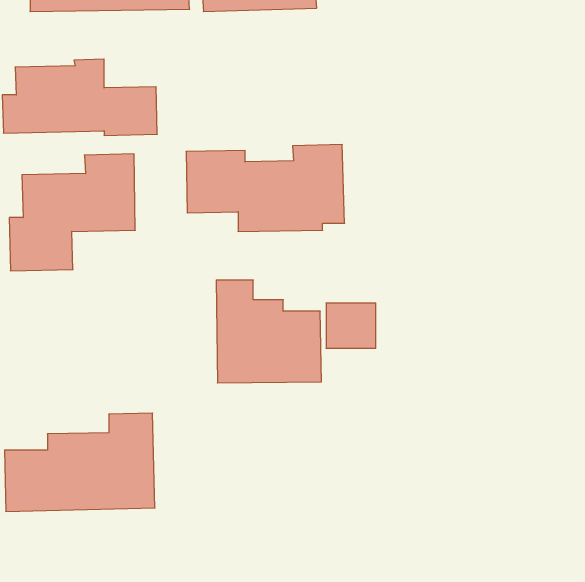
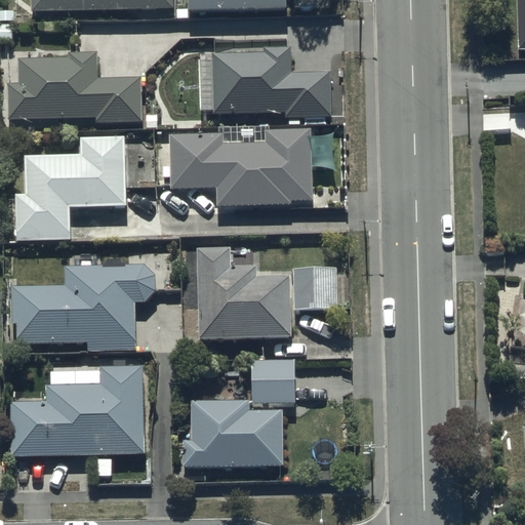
building: none -> [199,46,333,116]
building: none -> [11,265,155,349]
building: none -> [184,360,295,466]

